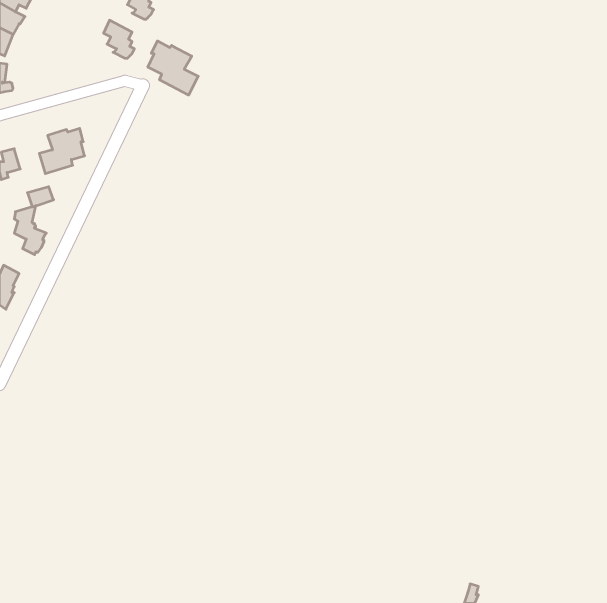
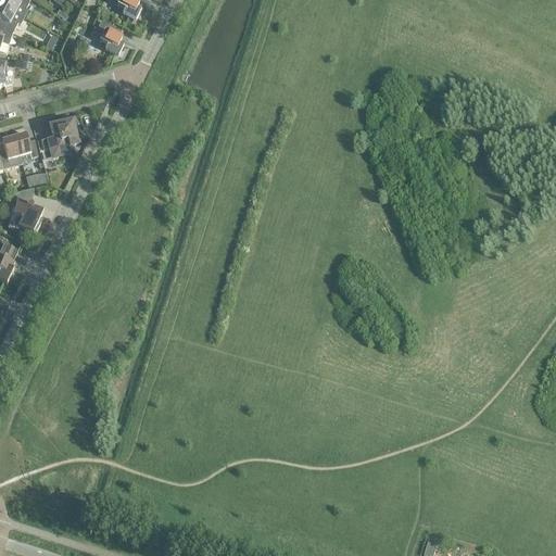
building: [148,41,198,95] -> none
building: none -> [13,132,38,161]

